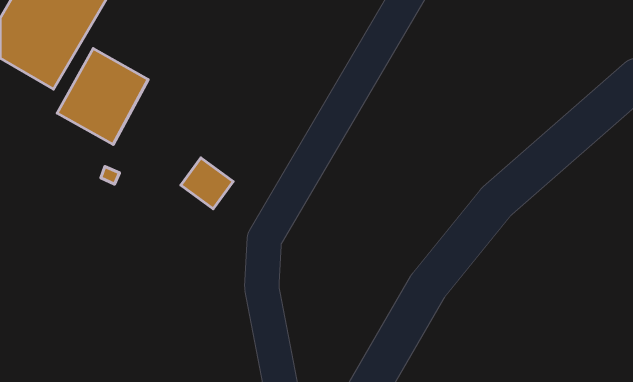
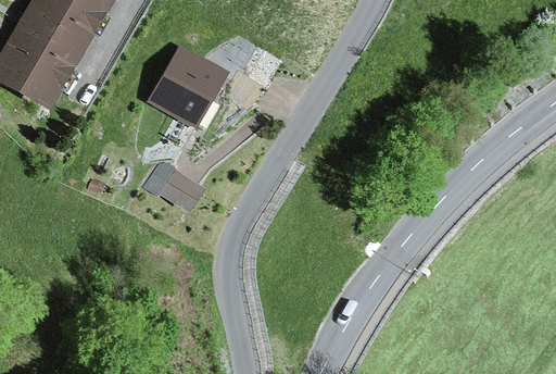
building: [57,48,148,144] -> [148,42,227,126]

